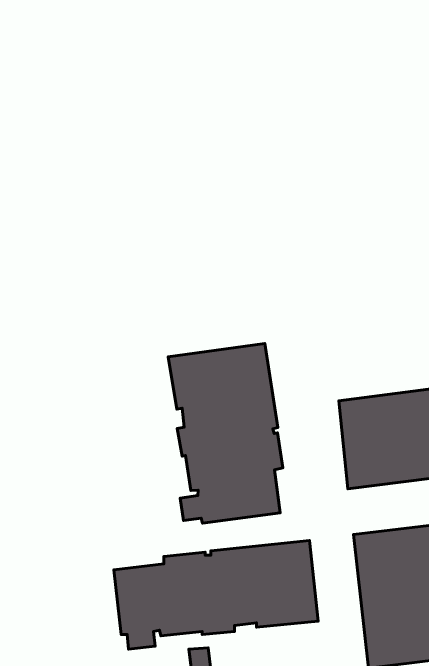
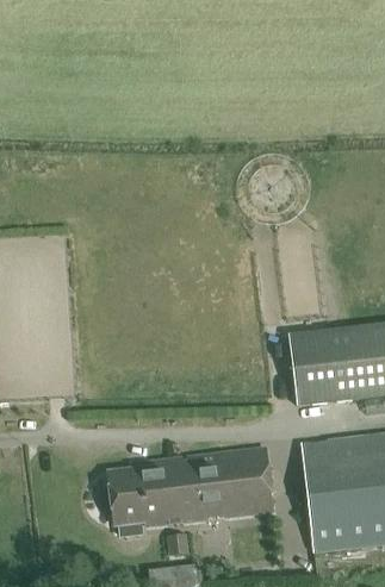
building: [168,344,283,523] -> none

